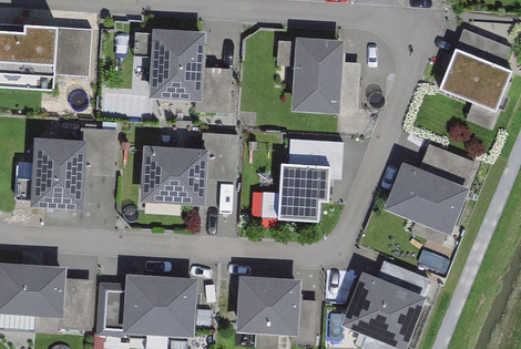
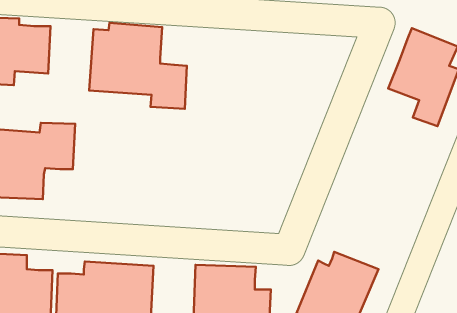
building: [290,35,359,112] -> none
building: [139,133,238,203] -> none
building: [259,140,341,220] -> none
building: [387,144,478,230] -> none

